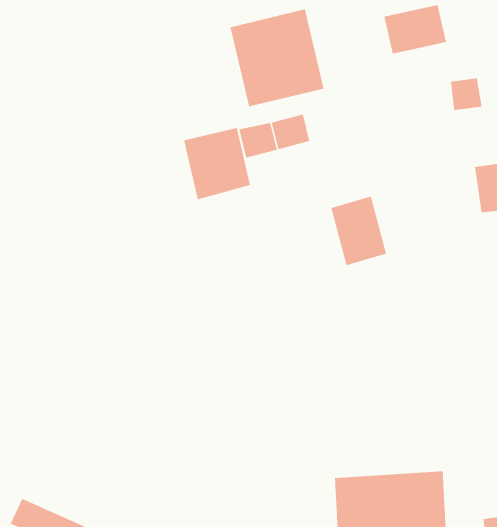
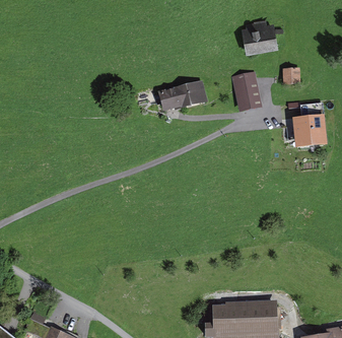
building: [230,9,324,107] -> none
building: [184,127,250,200] -> none
building: [331,196,387,266] -> [230,69,264,111]

